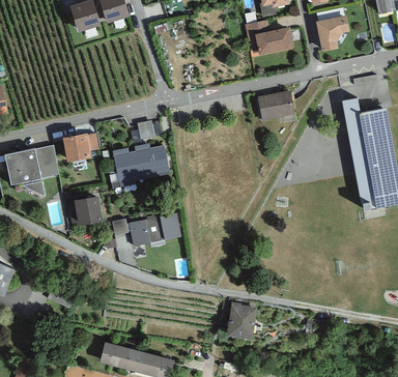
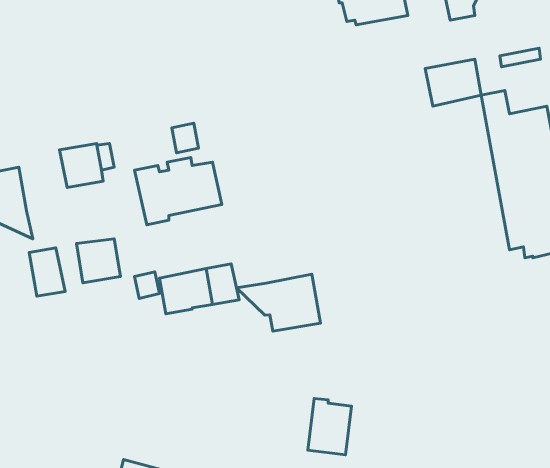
building: [257,89,294,120] -> [425,59,481,106]
building: [35,145,59,177] -> [29,248,65,296]
building: none -> [236,274,321,331]

